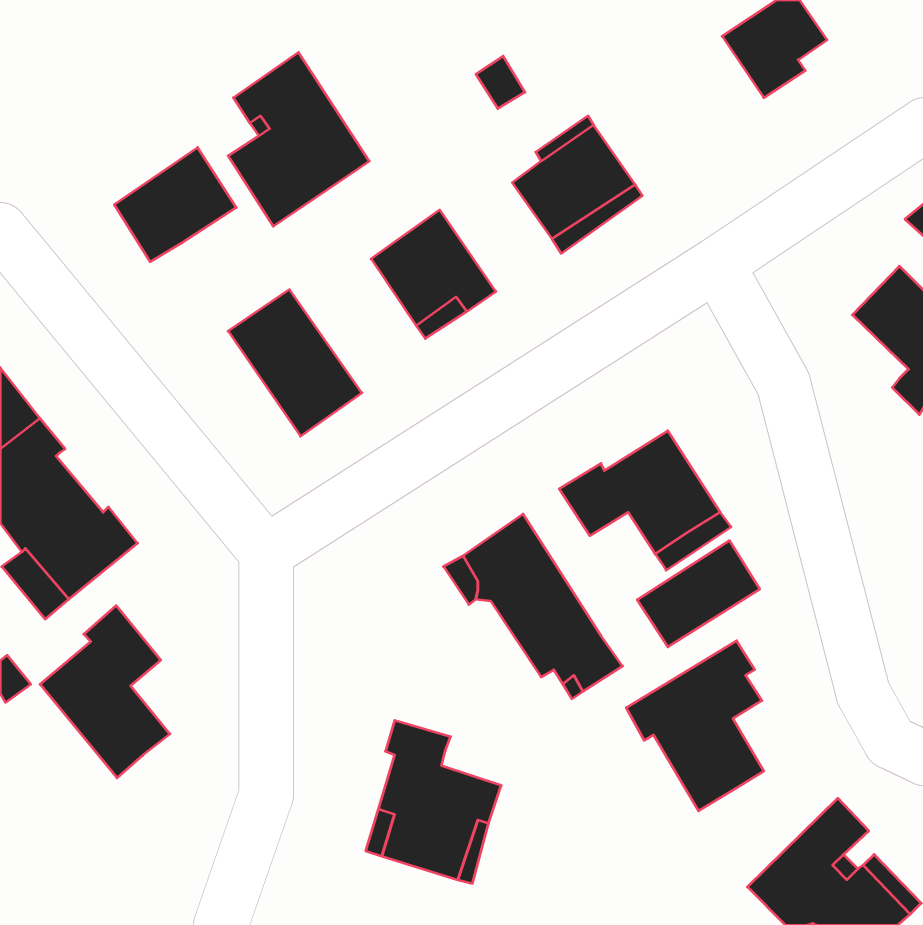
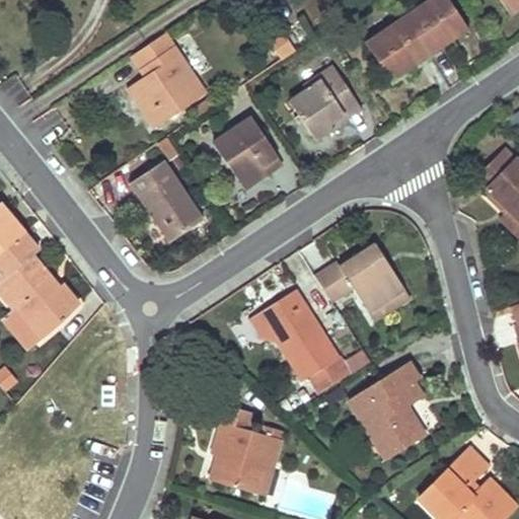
building: none -> [369,20,429,73]
building: [114,147,236,262] -> none
building: [637,541,760,647] -> none
building: [40,606,170,778] -> none

